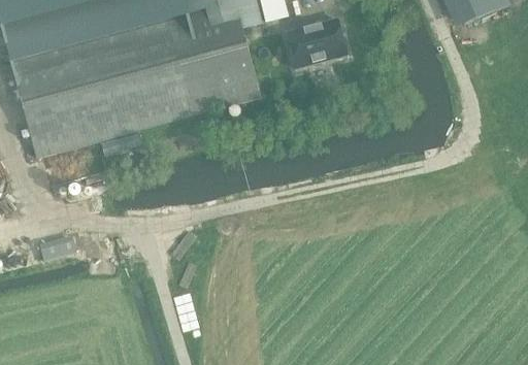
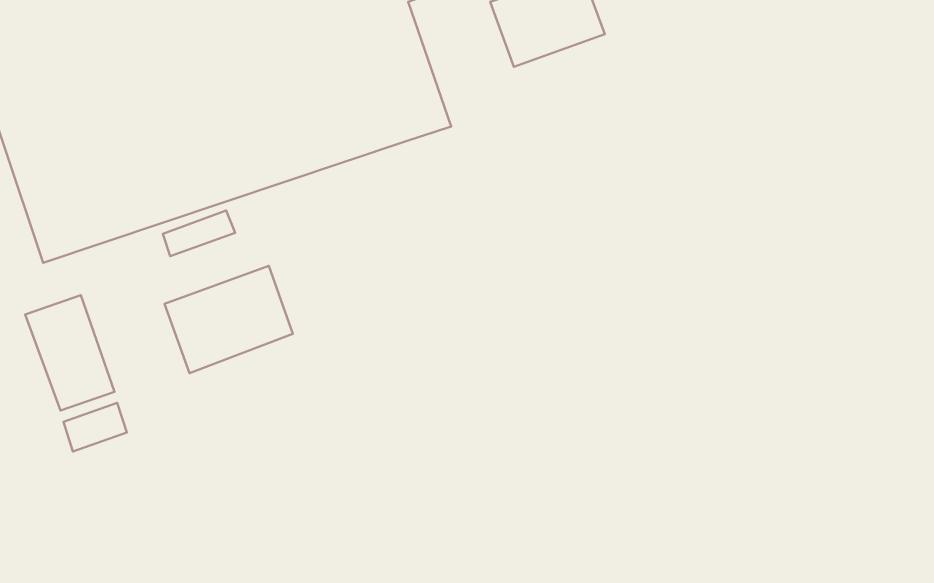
building: none -> [164,266,293,373]
building: none -> [25,295,115,410]

